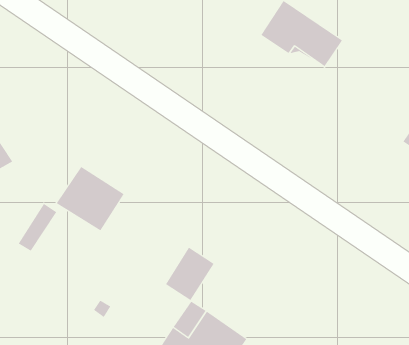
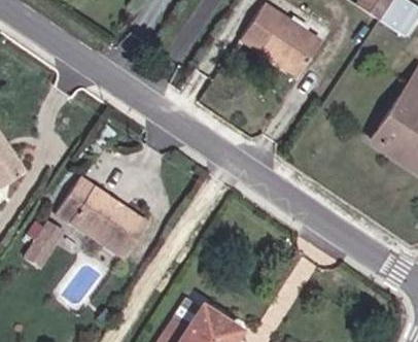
building: [165,247,215,301] -> [102,196,147,245]

